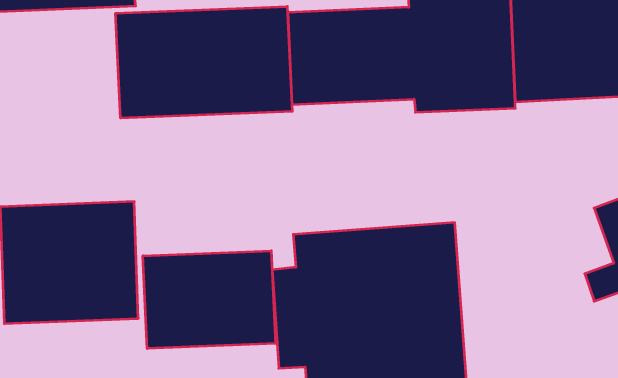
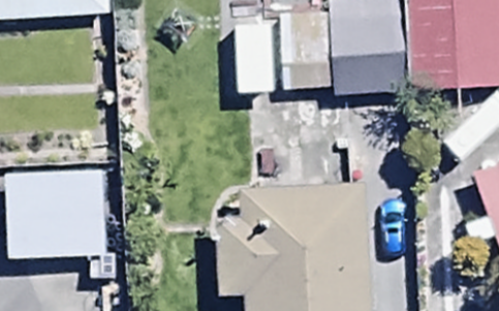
building: [116,6,292,118] -> none
building: [143,251,276,349] -> none

